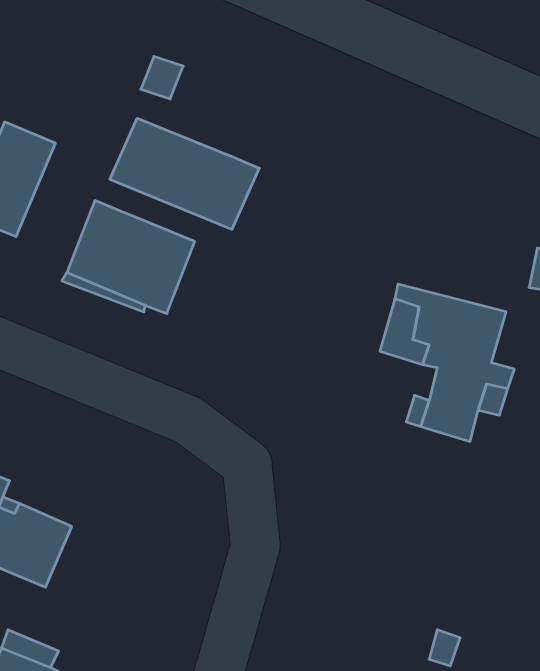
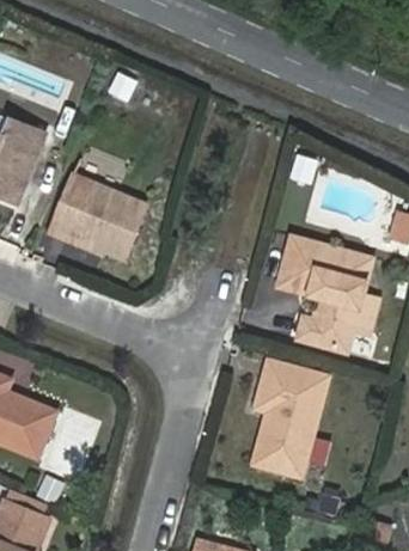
building: [110,118,259,229] -> none
building: none -> [254,361,328,476]

